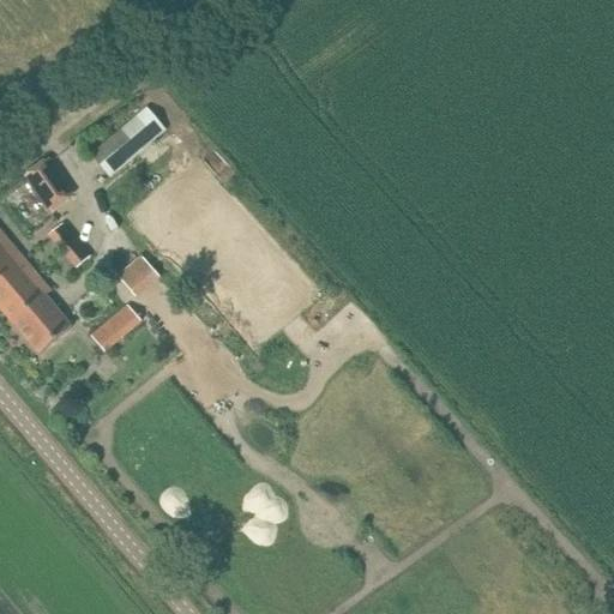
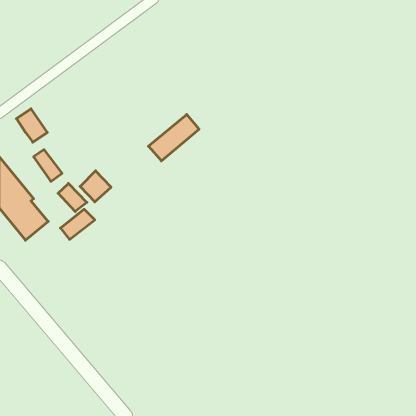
building: [88,108,162,176] -> [148,114,199,161]
building: none -> [58,183,87,212]

